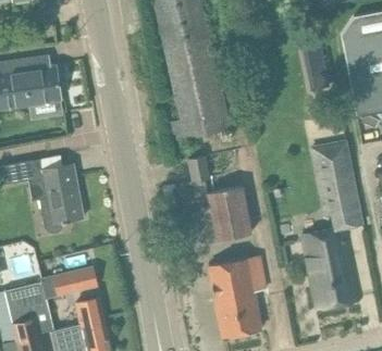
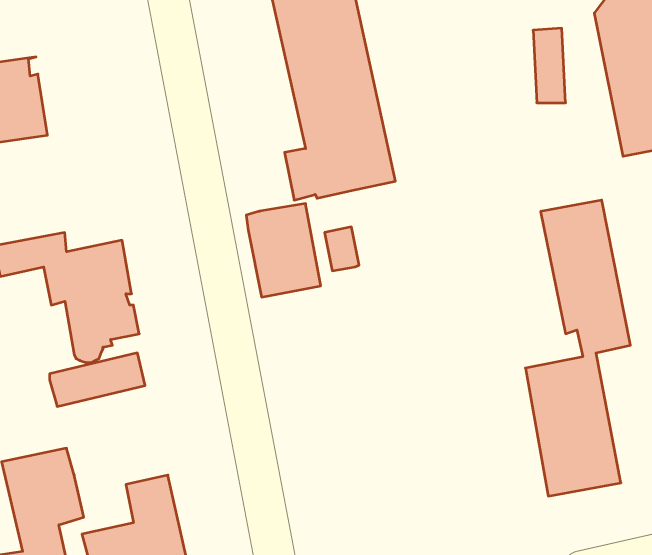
building: [20,59,62,104] -> none
building: [208,187,250,240] -> [246,204,321,297]
building: [208,256,264,337] -> none
building: [41,267,96,298] -> [50,353,145,406]

